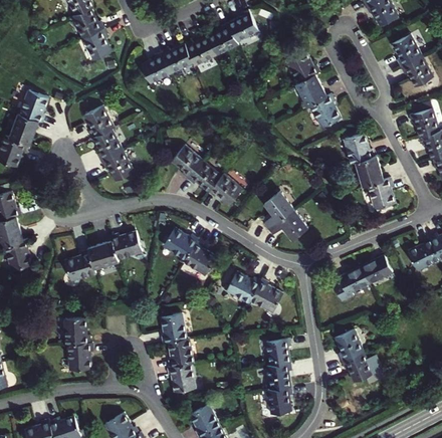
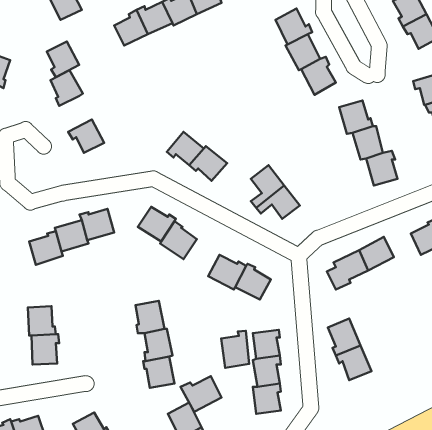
building: [91,129,121,161] -> [47,41,79,77]
building: [171,146,203,179] -> none
building: none -> [221,331,249,368]
building: none -> [180,376,221,412]

